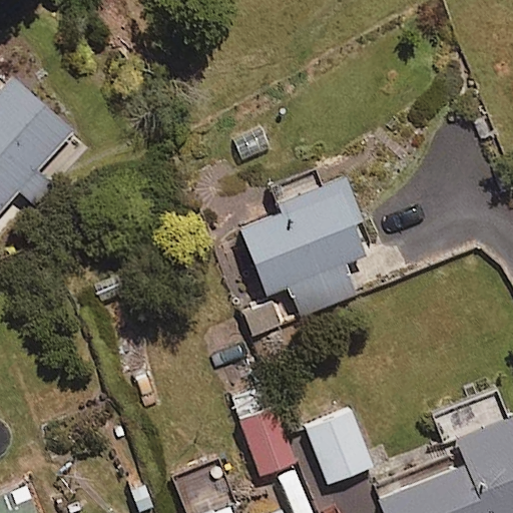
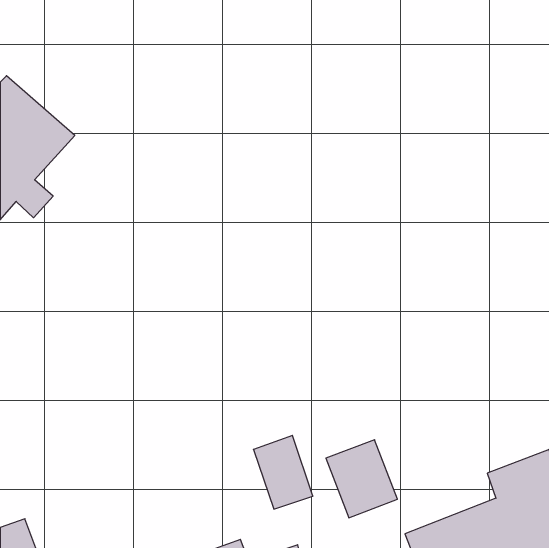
building: [237,173,365,320] -> none

